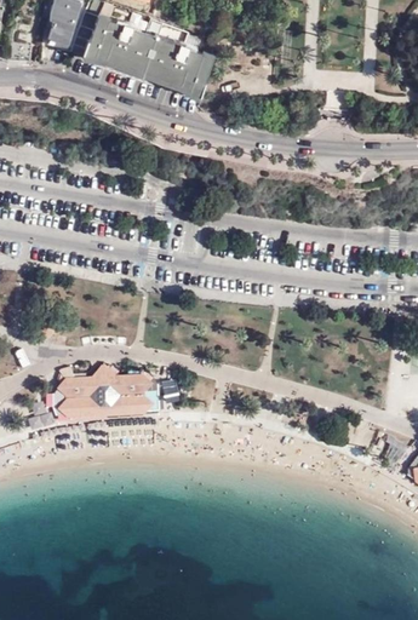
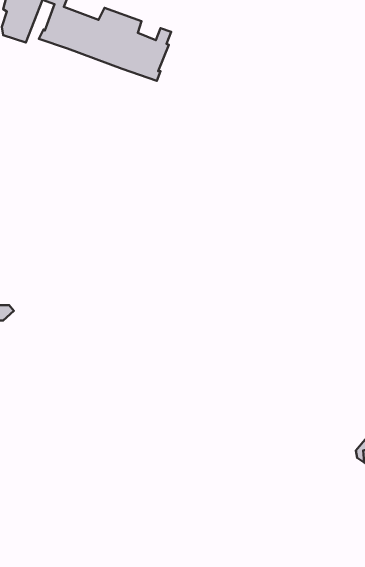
building: [55,364,148,419] -> none

